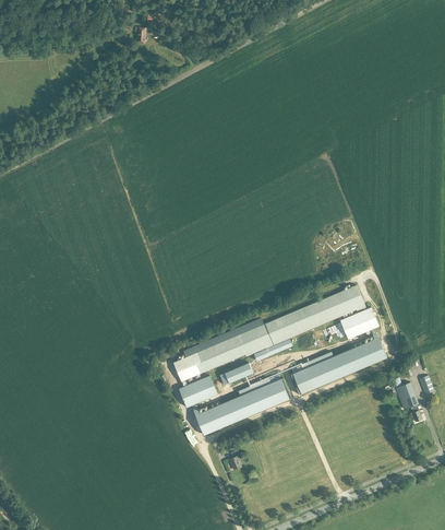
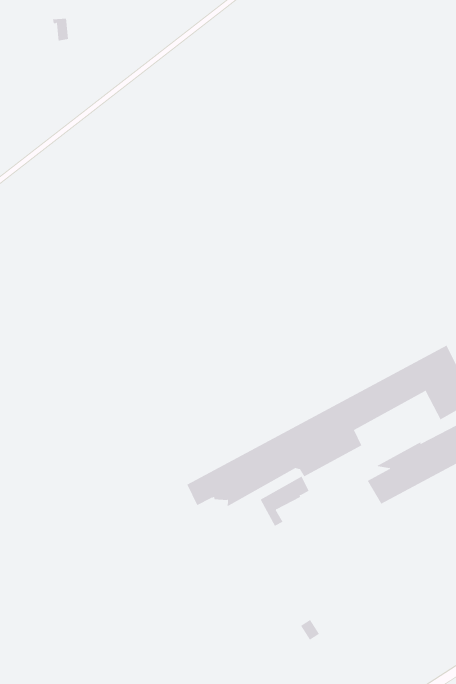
building: [178,375,217,405] -> none
building: [194,378,289,436] -> none

